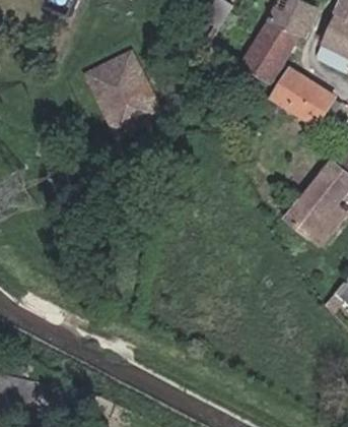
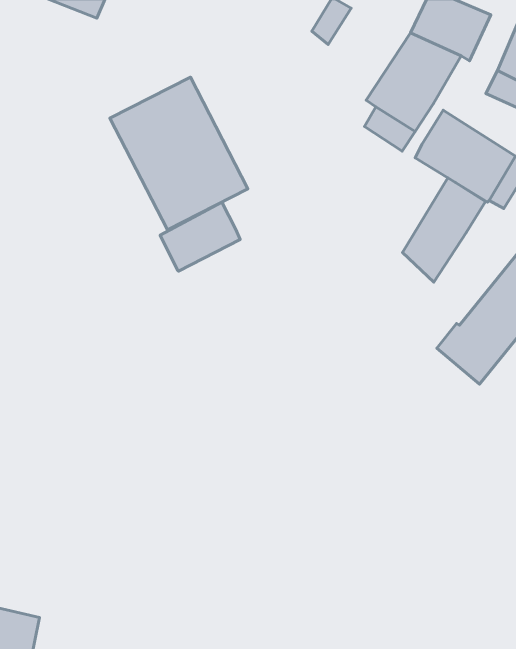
building: none -> [403,178,485,282]
building: none -> [160,202,240,271]

